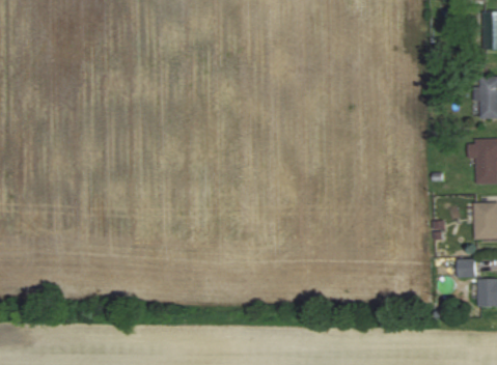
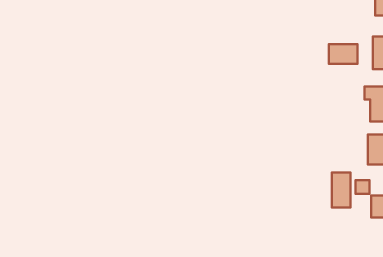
building: none -> [329,44,357,64]
building: none -> [332,172,350,207]

